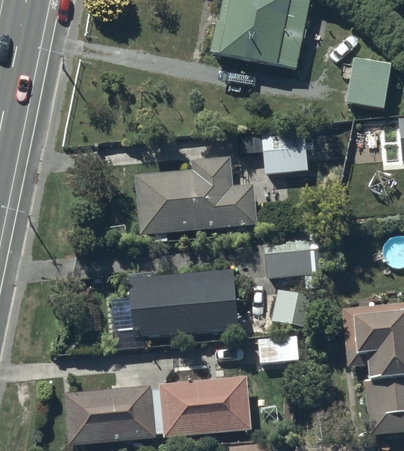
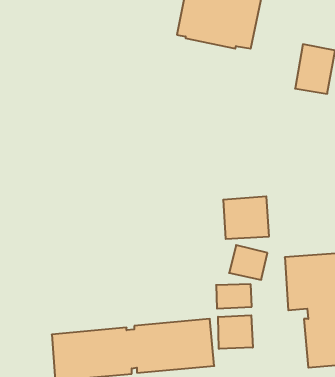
building: [263,132,308,181] -> none
building: [135,154,258,236] -> none
building: [125,266,237,336] -> none
building: none -> [218,315,253,349]

